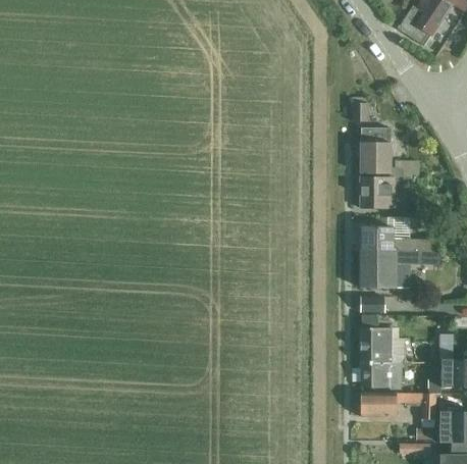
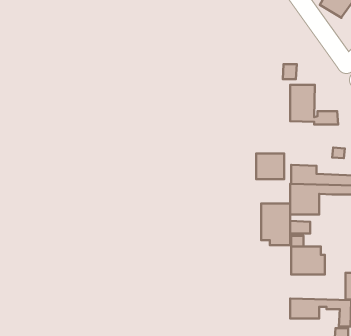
building: [361,176,396,208] -> [256,154,284,179]
building: none -> [261,204,290,245]
building: [362,362,402,386] -> none

